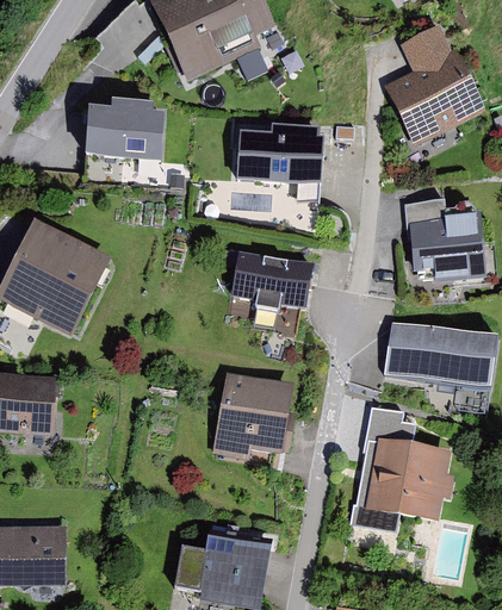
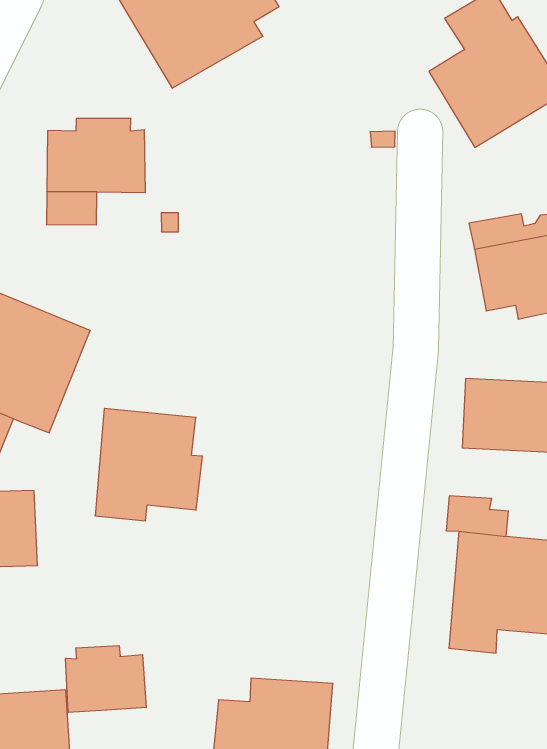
building: [237,122,324,203] -> none
building: [231,257,312,319] -> none
building: [210,371,296,459] -> [95,408,202,521]
building: none -> [66,646,146,713]

